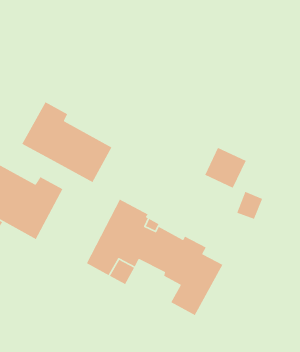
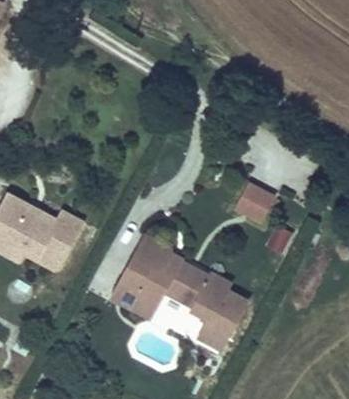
building: [21,101,112,183] -> none

